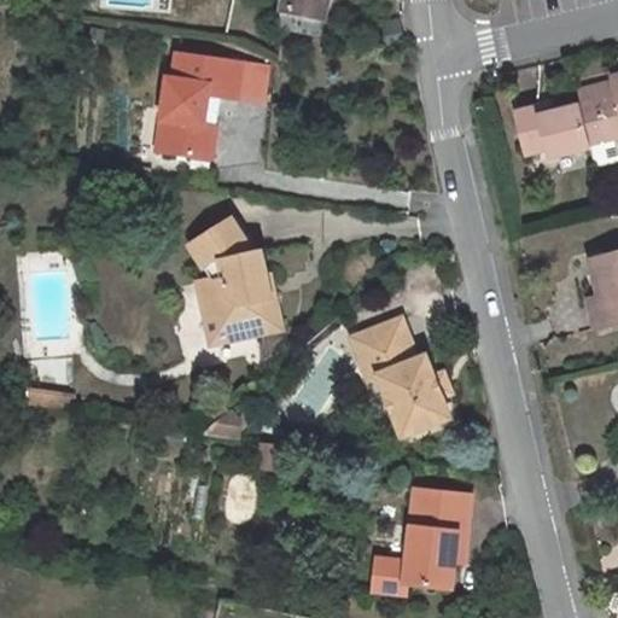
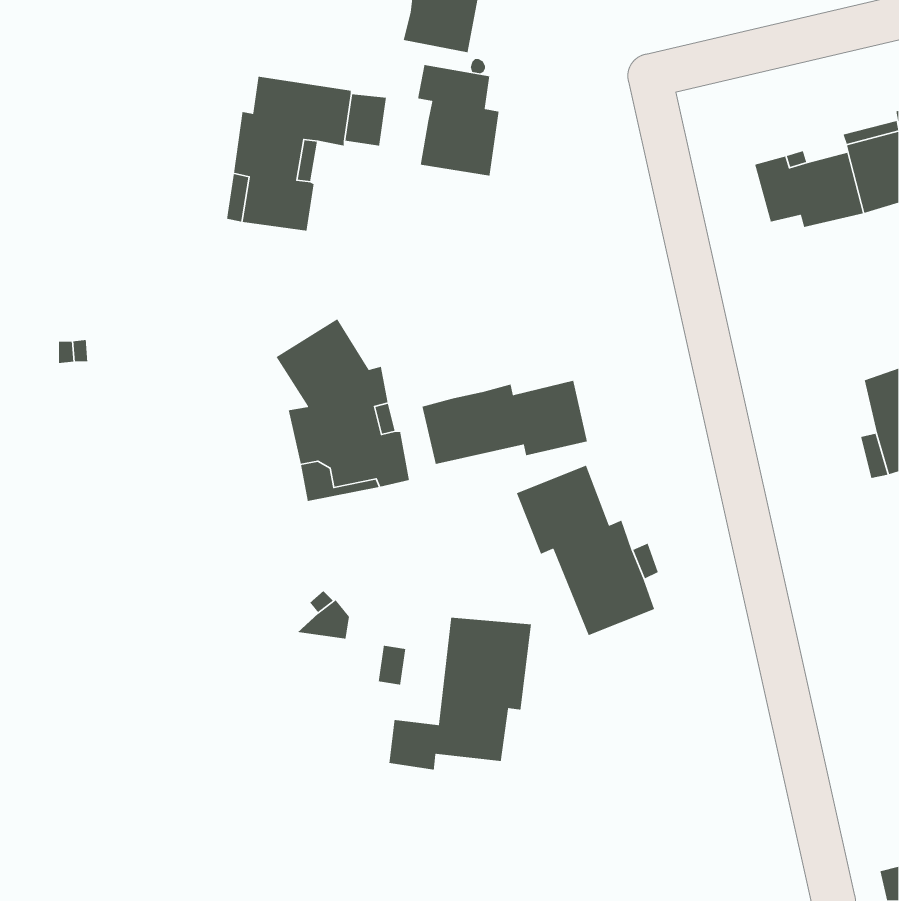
building: none -> [417,64,500,177]
building: none -> [422,380,588,465]
building: [373,488,471,593] -> [389,617,532,771]

